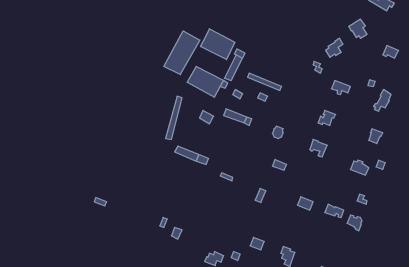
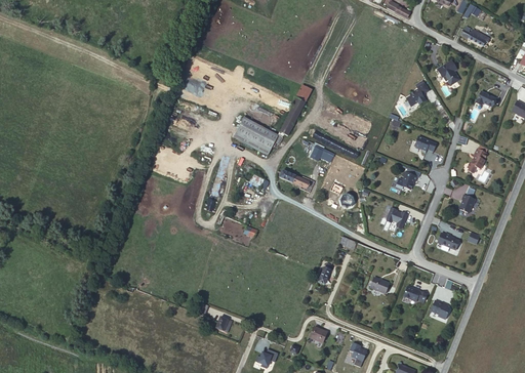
building: [201,29,235,60] -> none
building: [164,31,200,75] -> none

